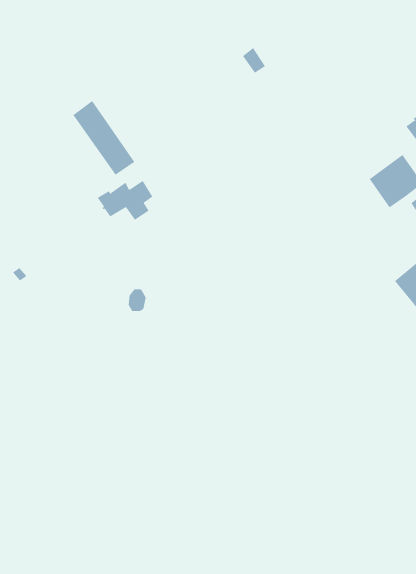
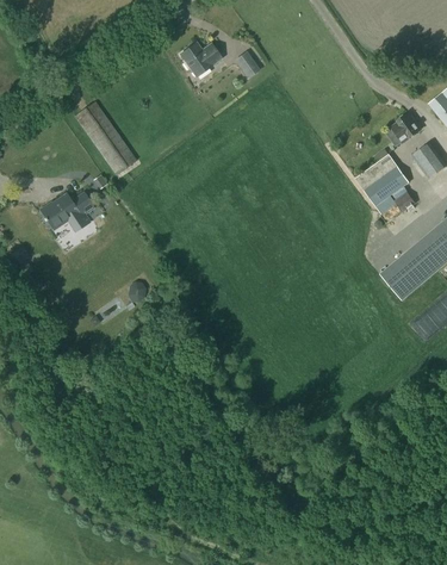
building: none -> [180,42,222,76]
building: [97,180,153,221] -> [39,192,93,230]

